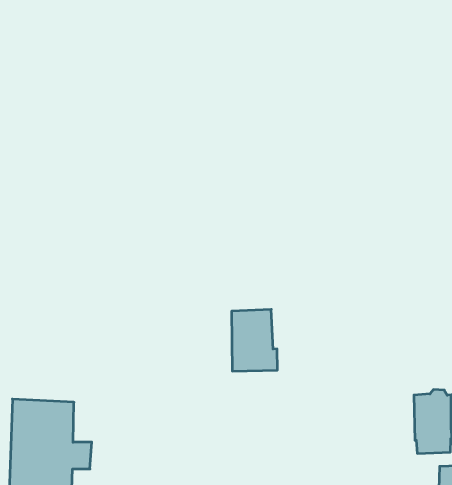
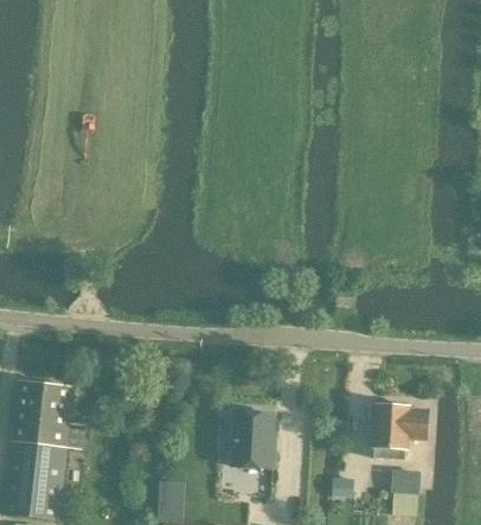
building: [232,309,277,371] -> [233,412,275,468]

